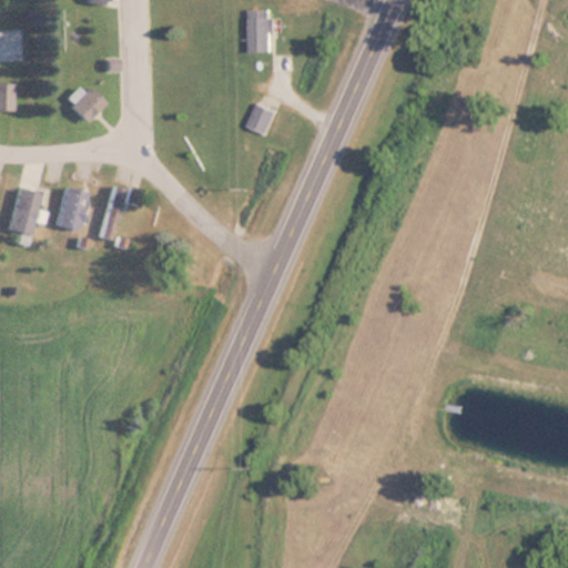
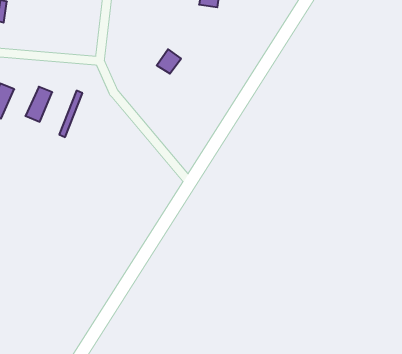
building: [69,88,103,121] -> none
building: [248,104,277,134] -> [157,49,181,74]

